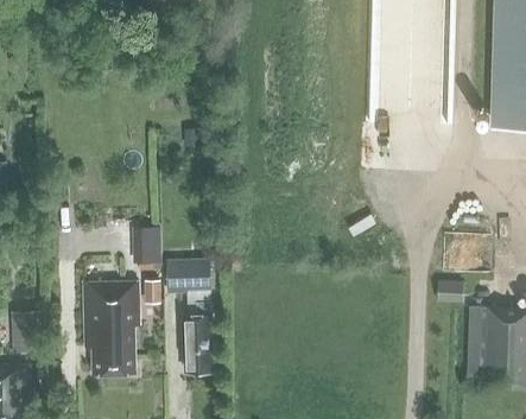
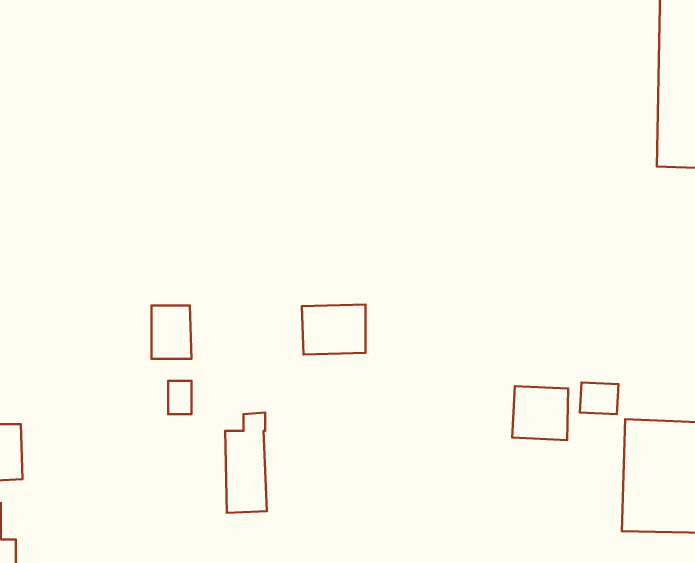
building: [165,256,210,292] -> [302,304,365,355]
building: [84,281,140,374] -> none
building: none -> [512,386,568,440]

